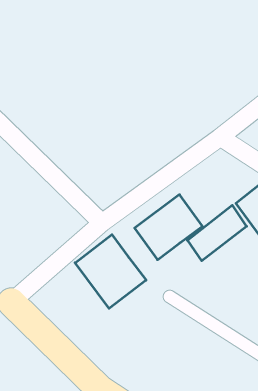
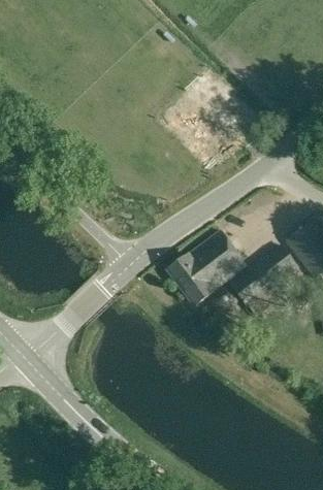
building: [75,235,146,308] -> none

